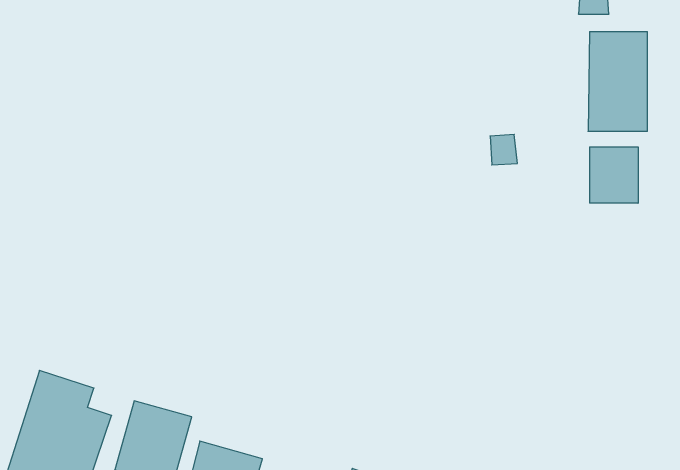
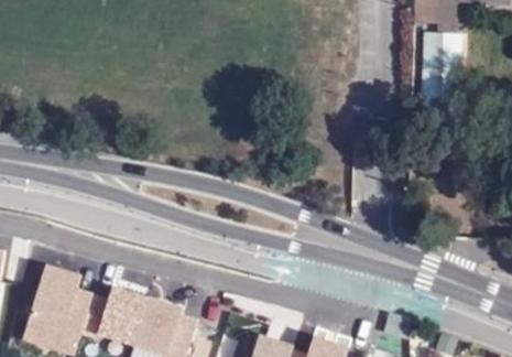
building: [590,147,638,203] -> none

